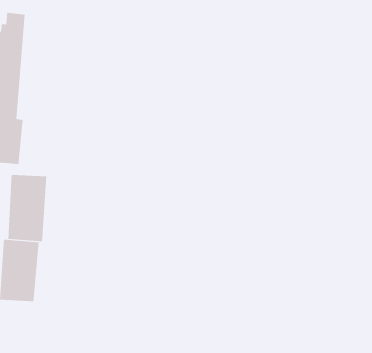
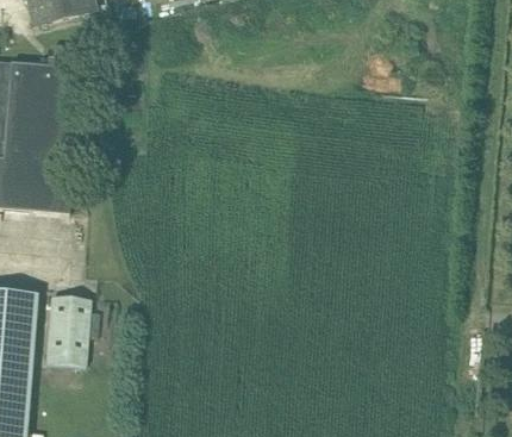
building: [8,174,47,242] -> none

